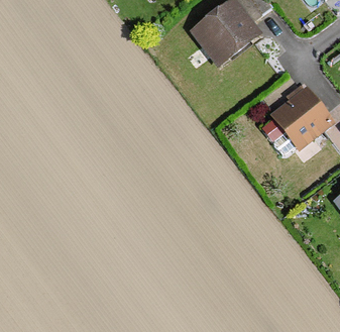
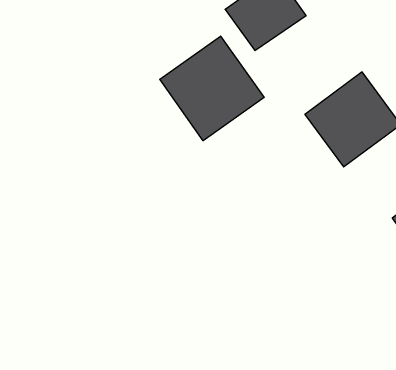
building: none -> [160,36,264,141]

